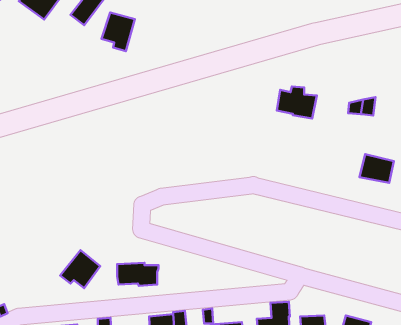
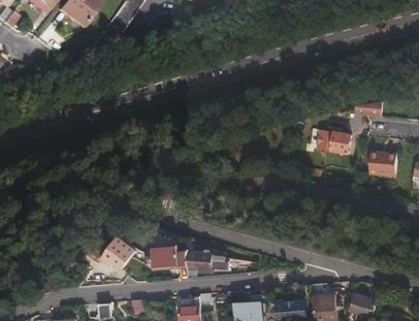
building: [102,12,135,51] -> none
building: [277,86,317,118] -> [317,123,353,152]
building: none -> [185,252,227,272]

